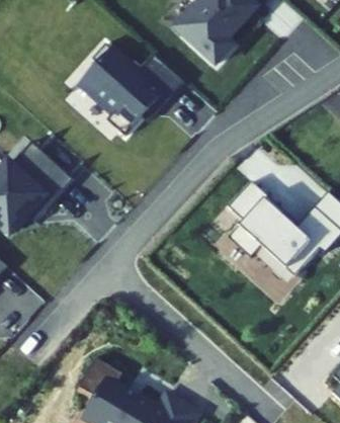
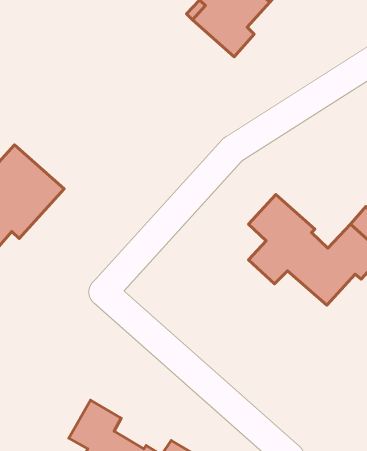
building: [77,44,179,137] -> none

